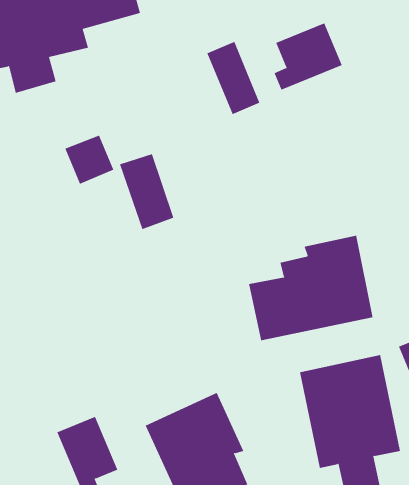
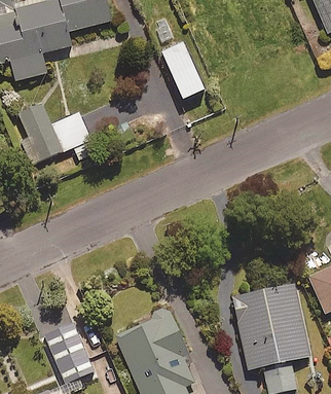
building: [274,23,342,91] -> none
building: [119,153,174,230] -> [17,103,60,162]
building: [248,235,373,341] -> none

